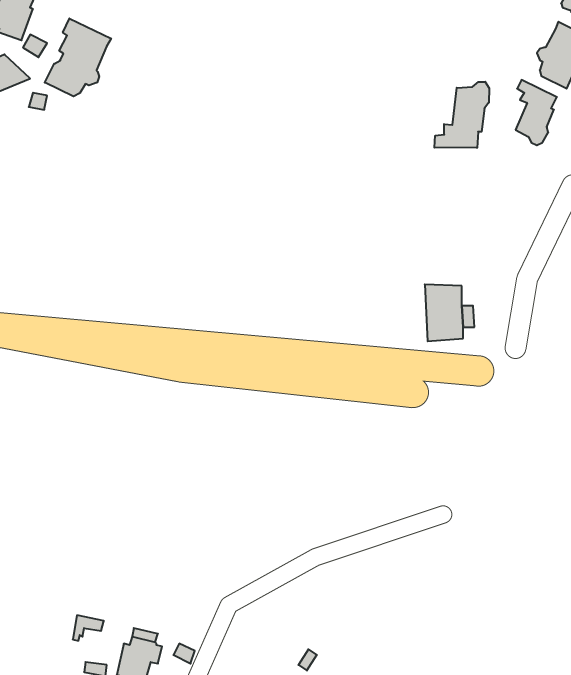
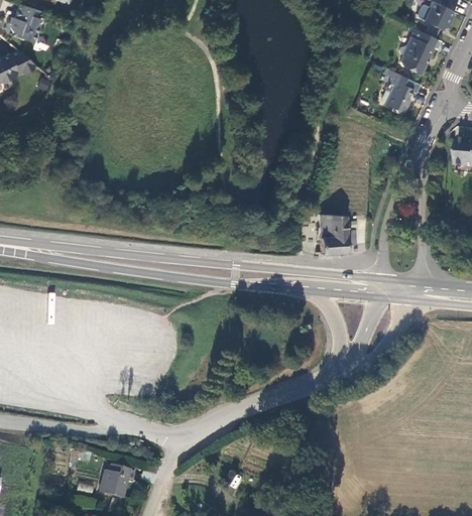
building: [45,18,111,96] -> none
building: [434,82,489,148] -> none

